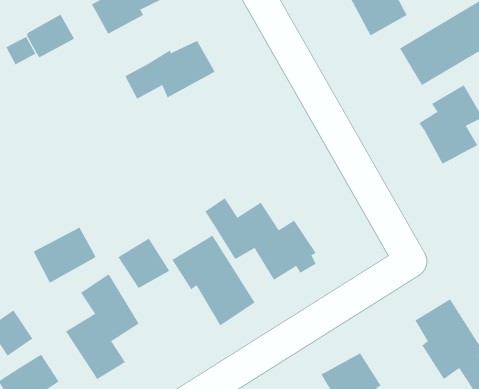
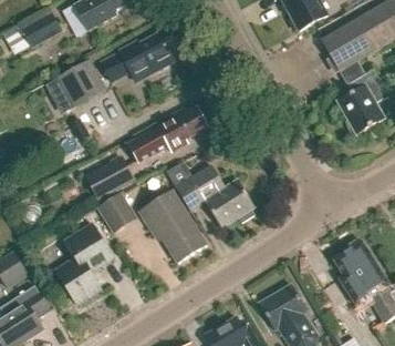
building: none -> [56,59,105,106]
building: none -> [128,108,207,161]
building: [33,227,96,283] -> [86,156,137,202]

